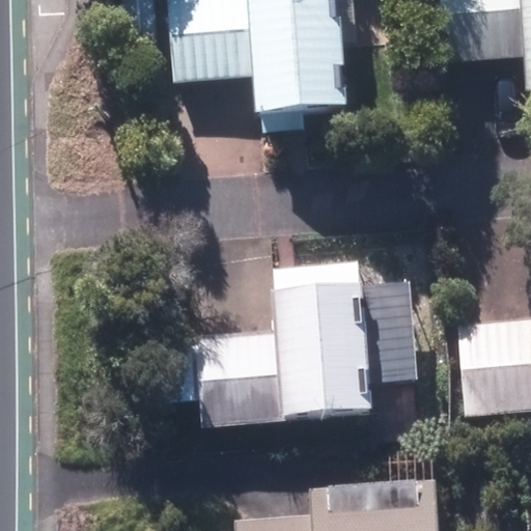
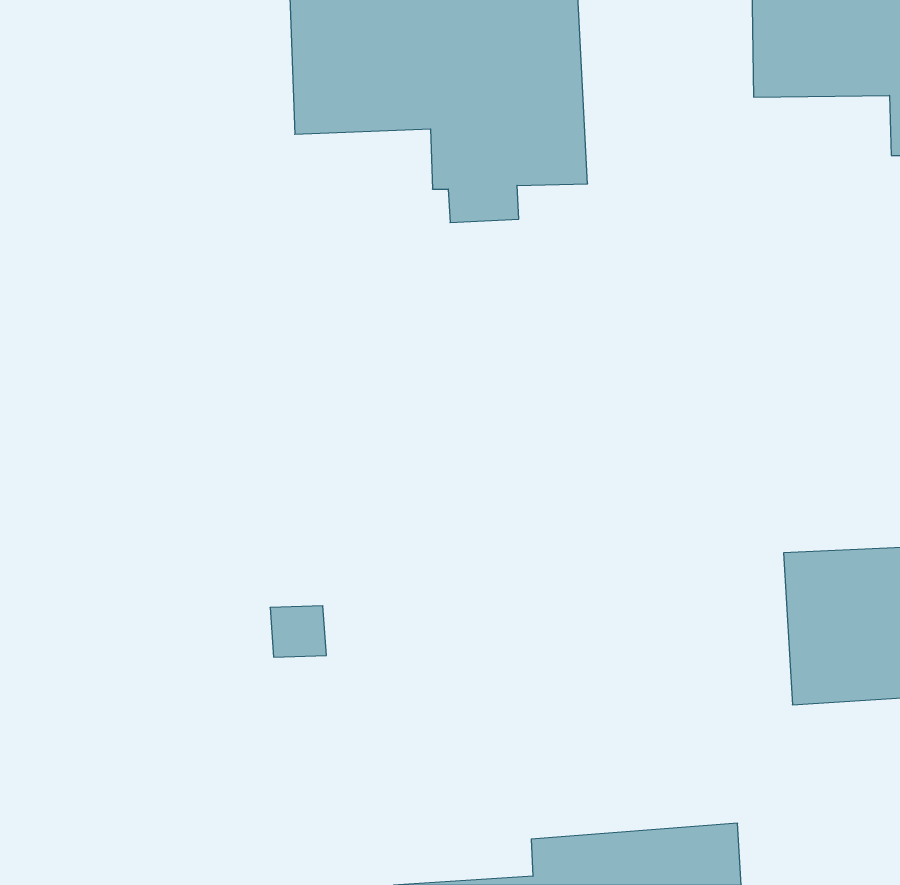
building: [195,261,371,426] -> none

